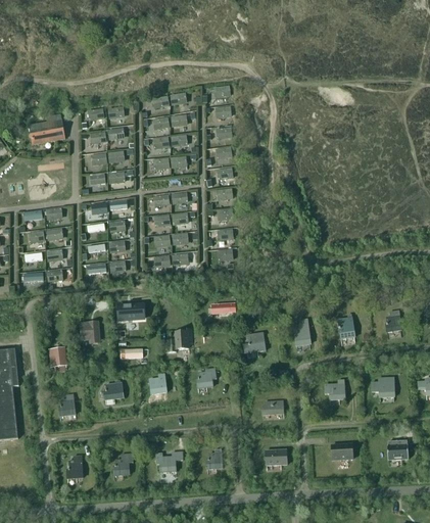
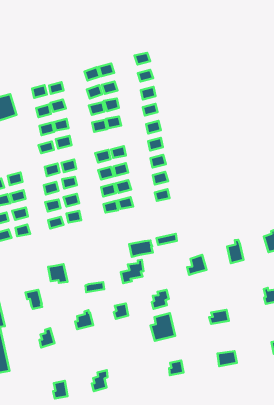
building: [116,303,143,320] -> [129,241,153,257]
building: none -> [150,313,175,341]
building: [154,450,182,472] -> none

